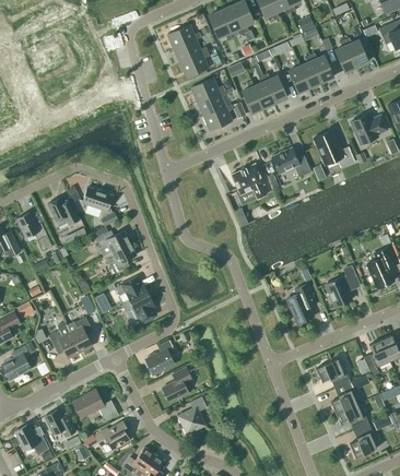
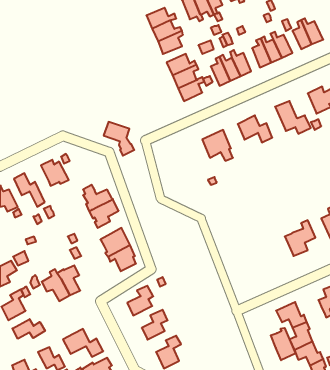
building: [82,188,117,226] -> [104,122,134,156]
building: [286,284,316,324] -> none
building: none -> [12,319,45,339]
building: none -> [271,328,296,360]

